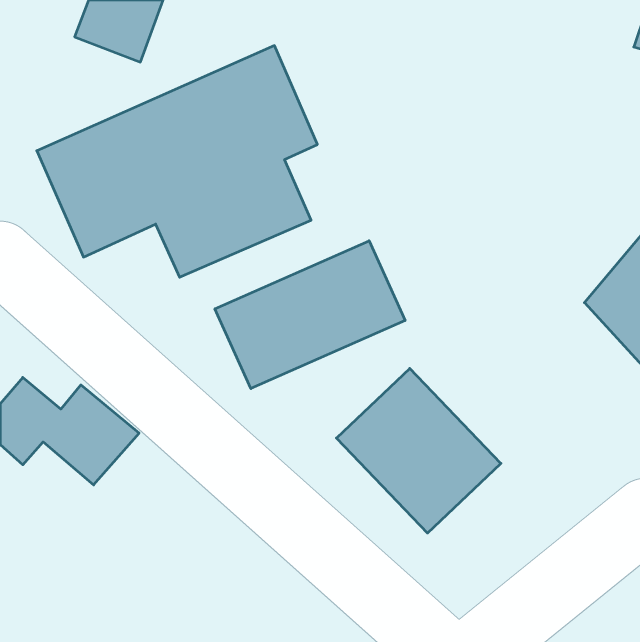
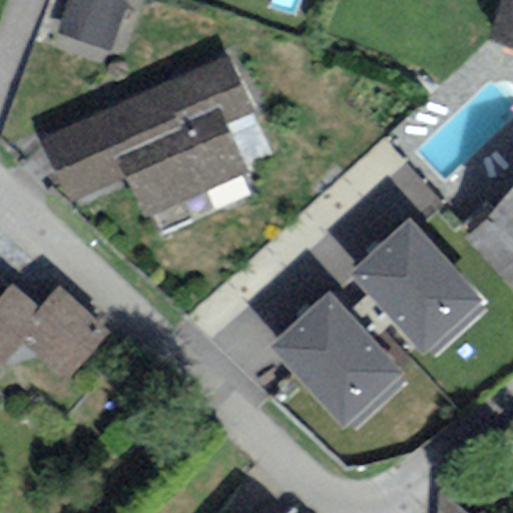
building: [215,241,405,389] -> none
building: none -> [352,212,492,355]

